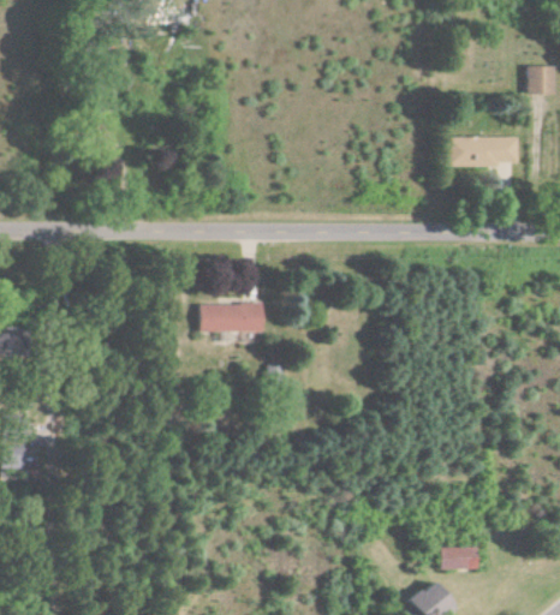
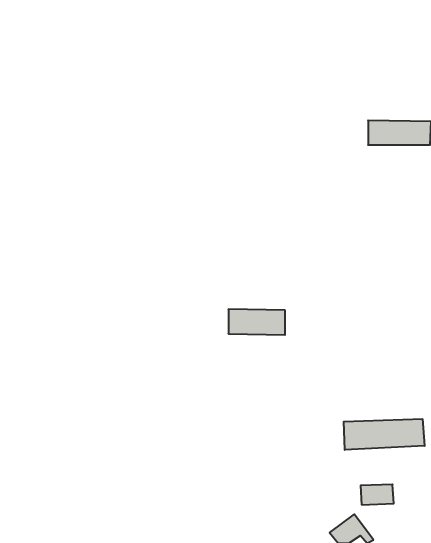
building: [199,303,263,332] -> [228,309,285,335]
building: none -> [344,419,425,450]

